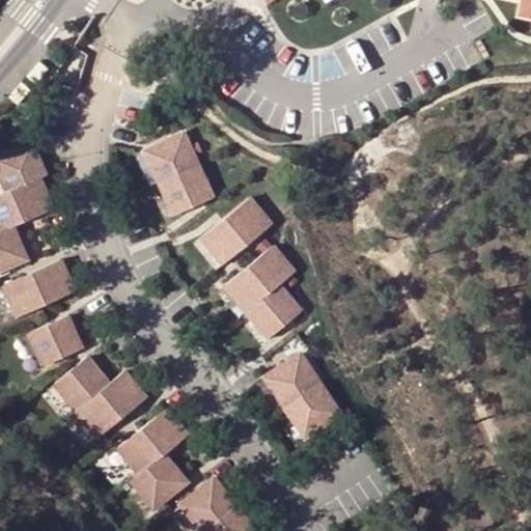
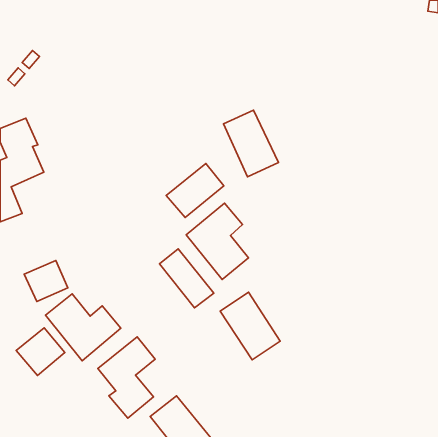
building: [146,135,213,216] -> [223,110,278,177]
building: [4,259,75,317] -> none
building: none -> [159,249,214,308]
building: none -> [16,328,65,376]

